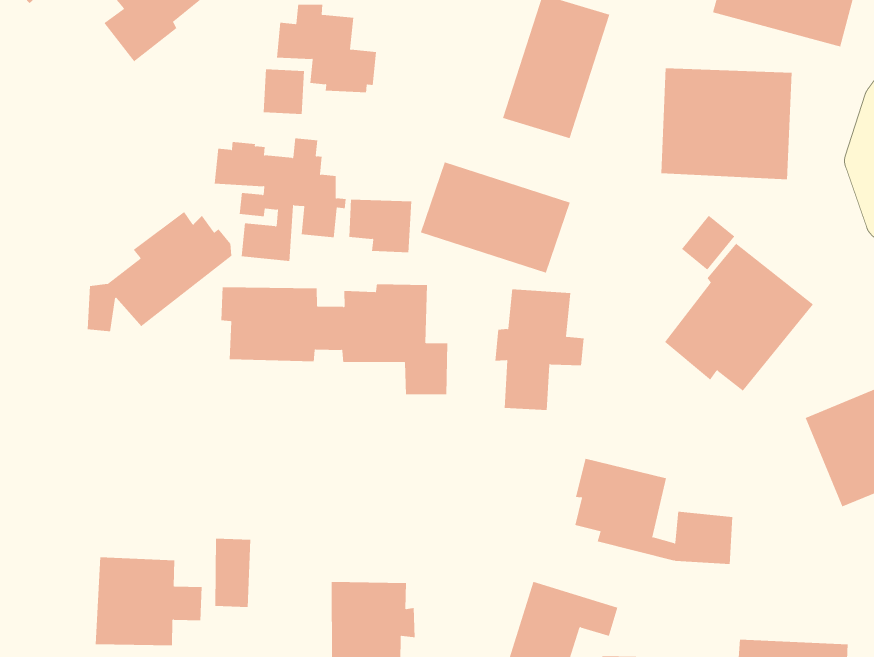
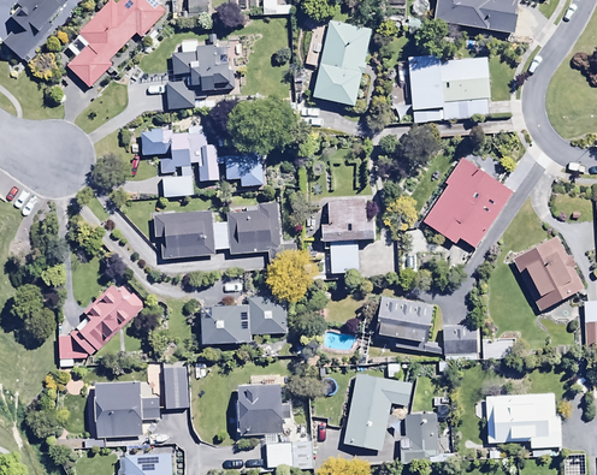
building: [420,162,570,274] -> none
building: [87,211,232,332] -> [59,284,143,361]
building: [681,215,735,271] -> none
building: none -> [203,296,289,344]

